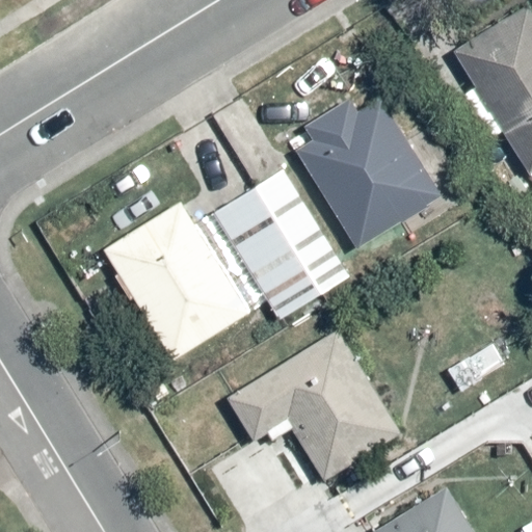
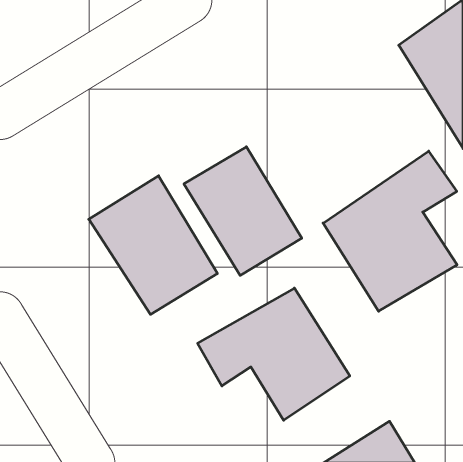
building: [296,100,442,254] -> none
building: none -> [323,151,457,311]

